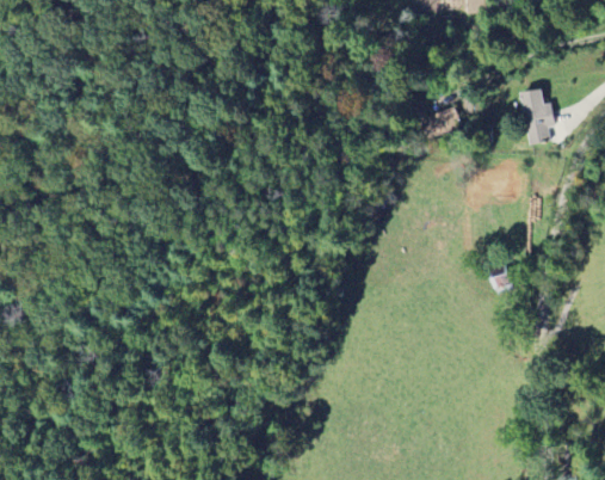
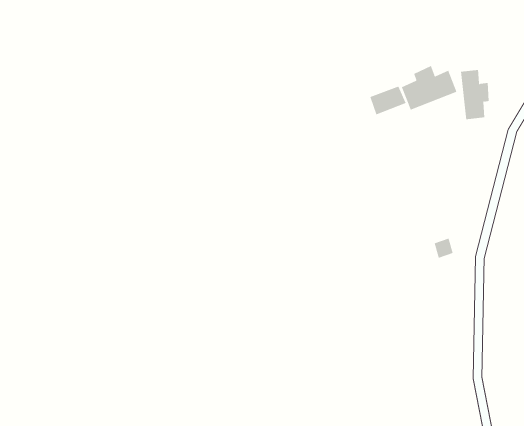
building: none -> [401,65,457,111]

